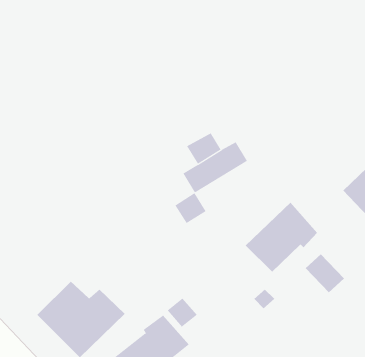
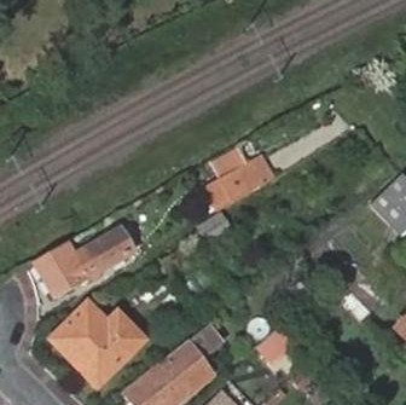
building: [245,202,318,272] -> none
building: none -> [33,225,135,297]

